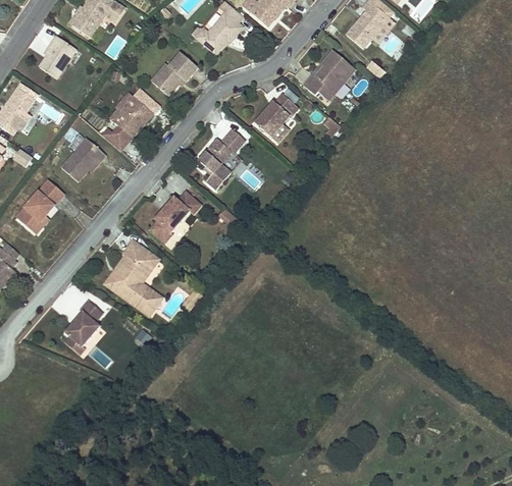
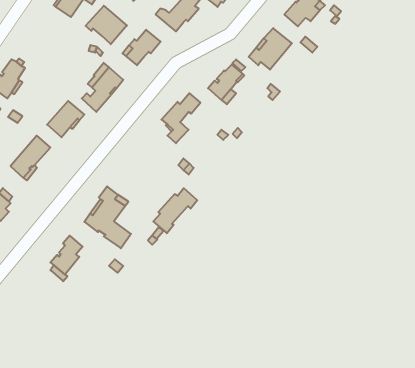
building: none -> [86,6,127,44]
building: [39,35,75,77] -> none
building: [148,190,201,244] -> [153,188,197,233]

